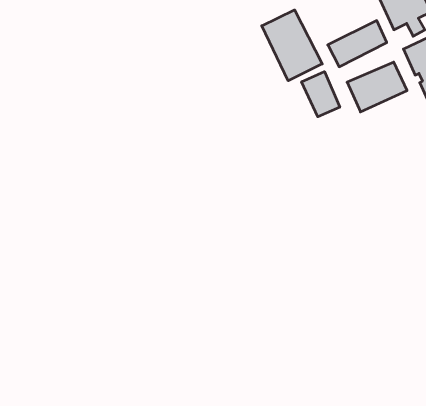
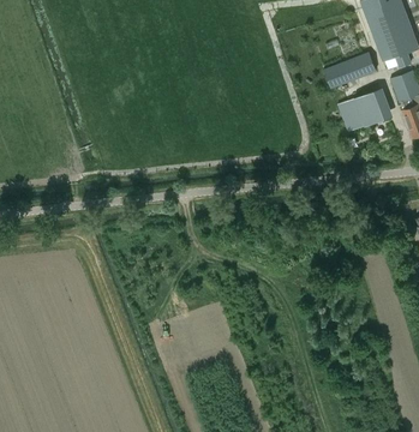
building: [262,10,322,81] -> none
building: [302,72,340,117] -> none

